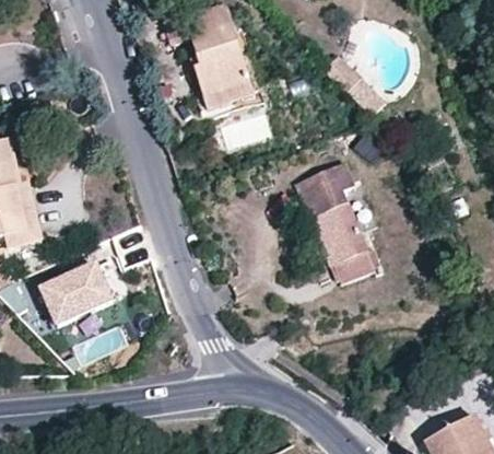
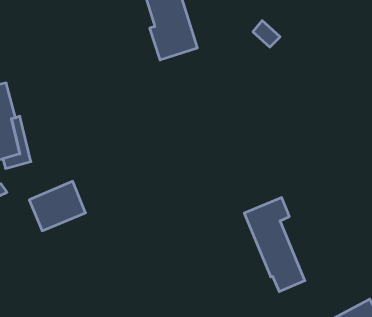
building: [297,163,375,283] -> [244,198,305,292]

